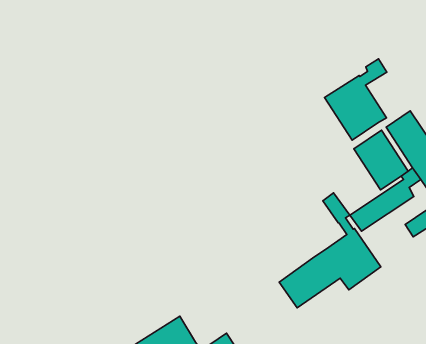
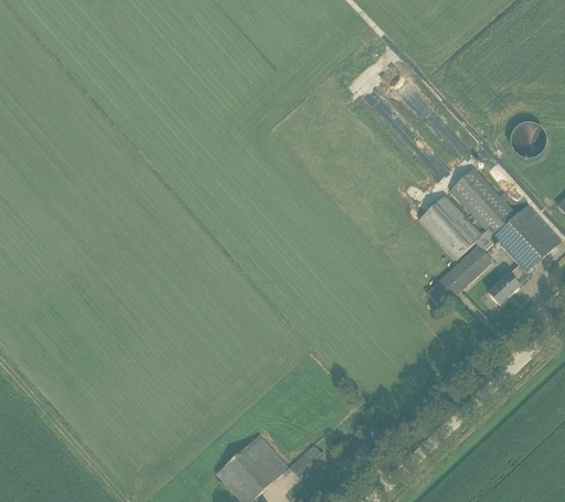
building: [325,59,387,140] -> none
building: [279,193,381,308] -> none

